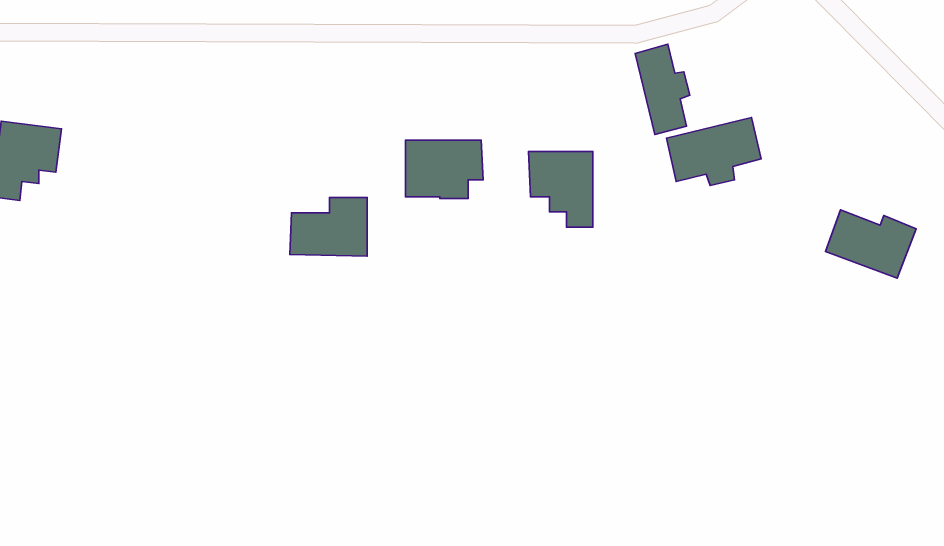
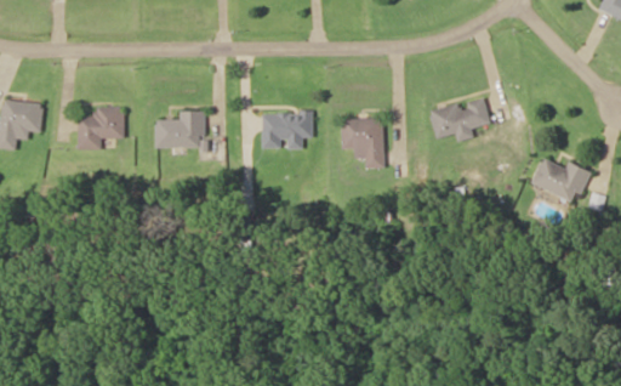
building: [635,44,690,135] -> none
building: none -> [76,107,123,148]
building: [290,198,367,256] -> [154,110,204,148]

